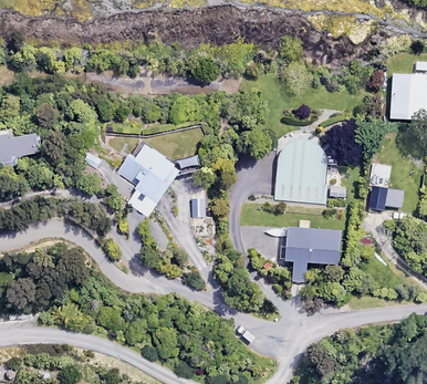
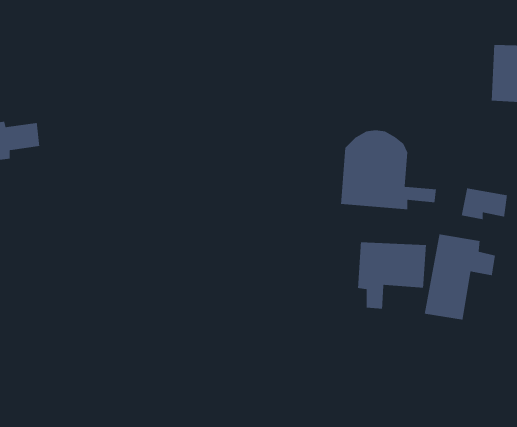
building: [117,144,201,217] -> none
building: none -> [424,233,496,321]

